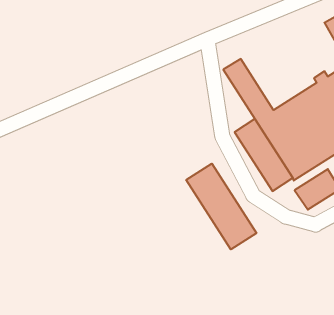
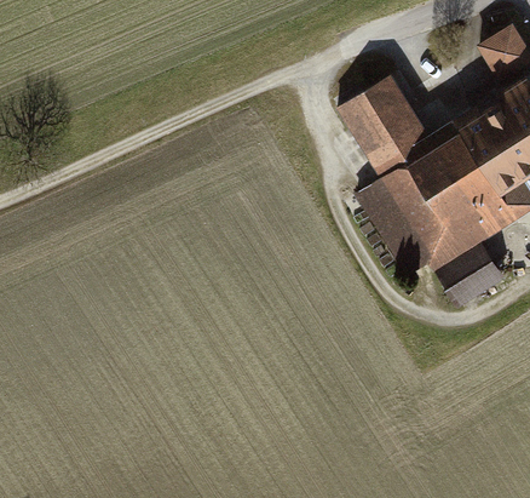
building: none -> [364,78,468,166]
building: [186,164,256,249] -> none

